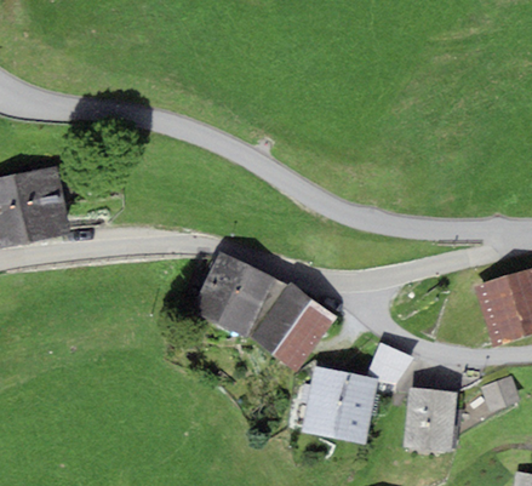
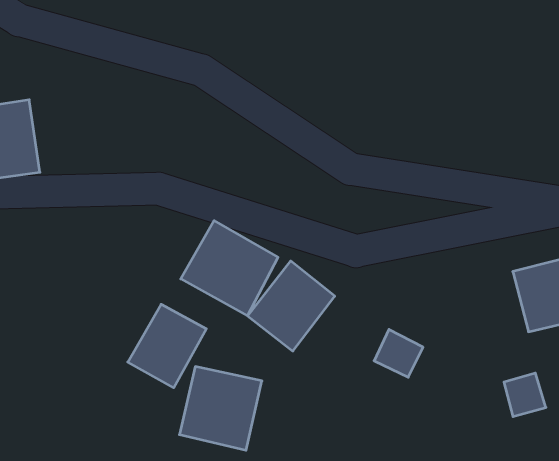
building: none -> [128,304,206,388]
building: [307,371,374,440] -> [179,367,262,450]
building: [411,390,452,445] -> none

